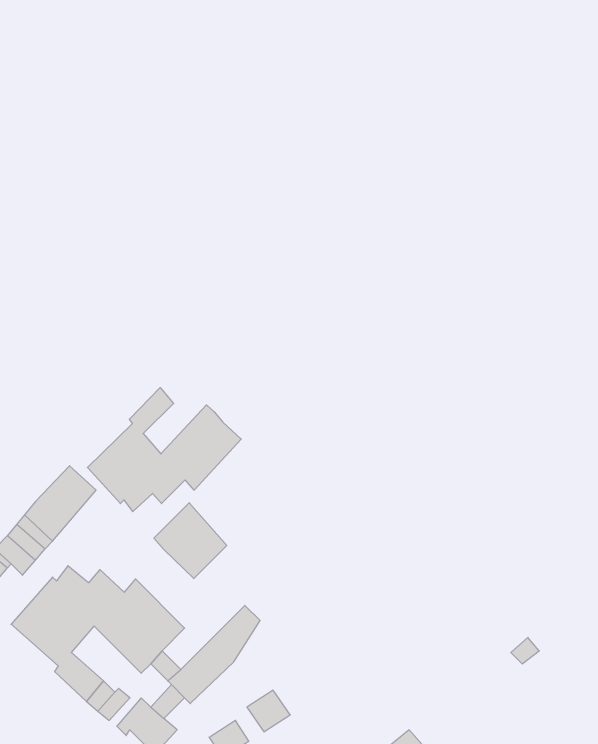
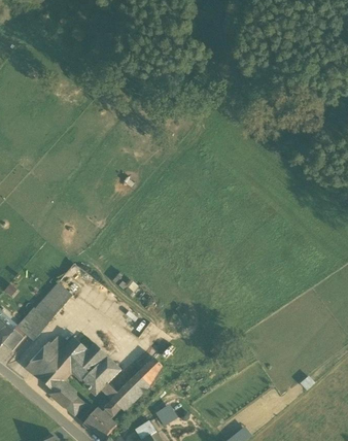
building: [87,388,241,512] -> none
building: [154,503,227,579] -> none

